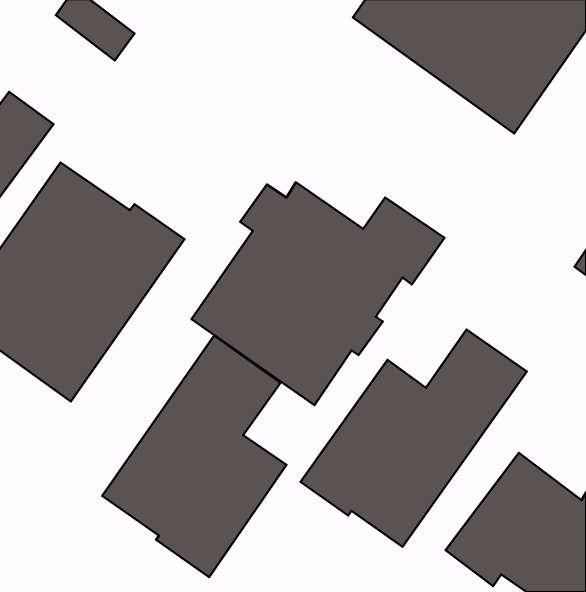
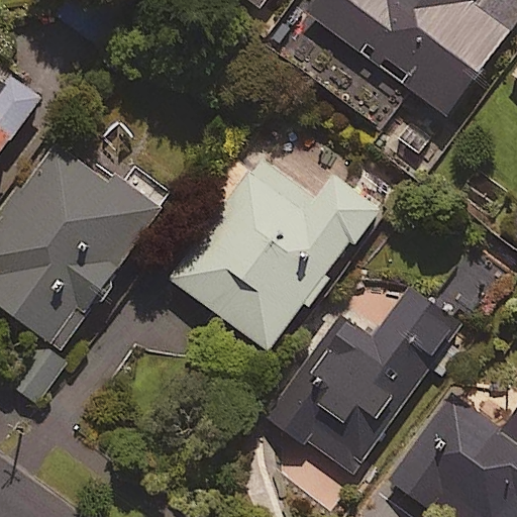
building: [102,335,287,577] -> none

